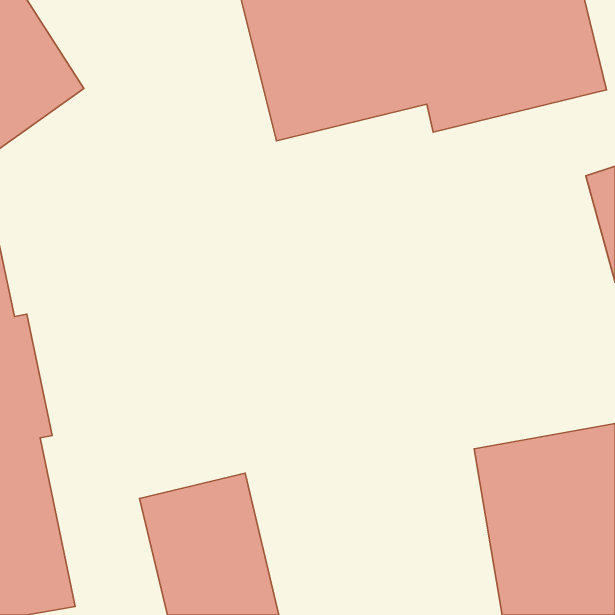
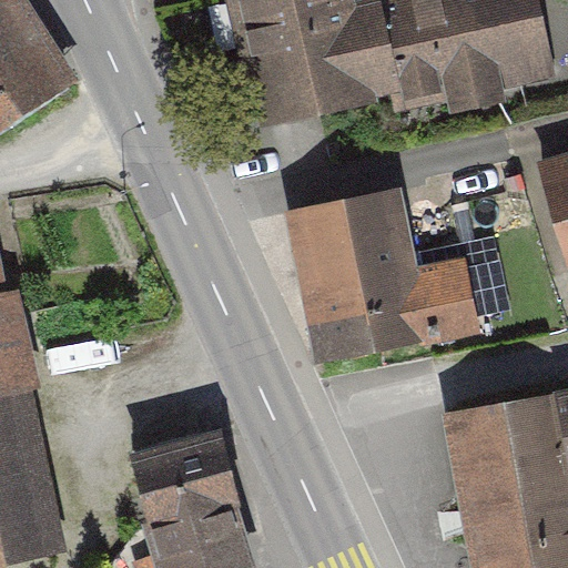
building: none -> [288,189,481,372]

